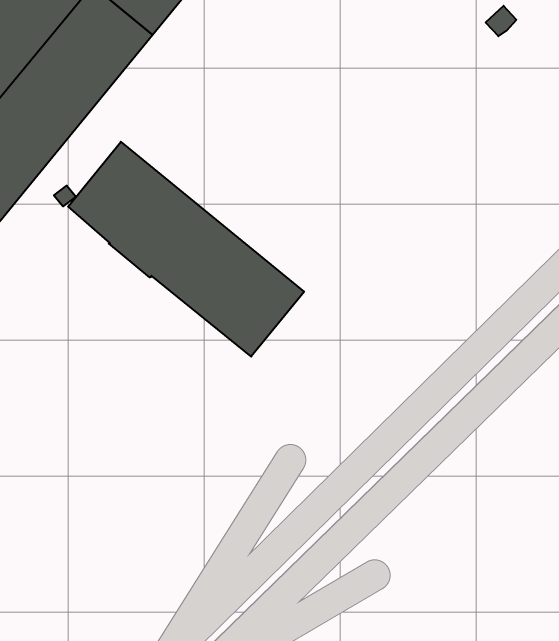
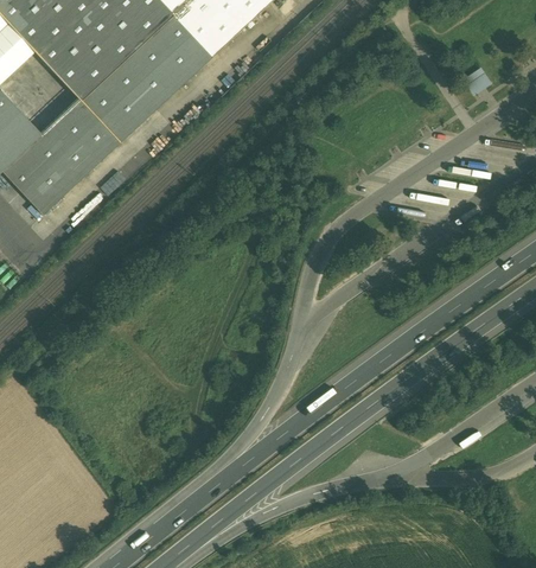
building: [68,142,304,357] -> none

